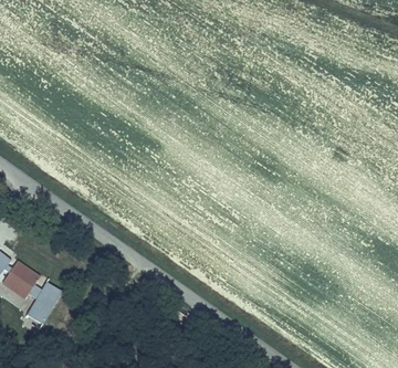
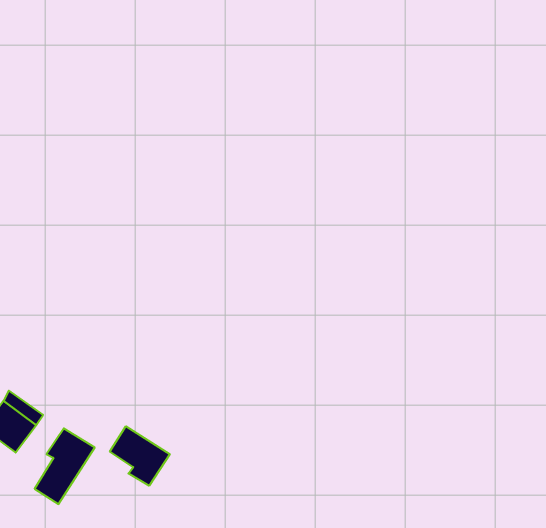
building: none -> [110,426,170,486]

